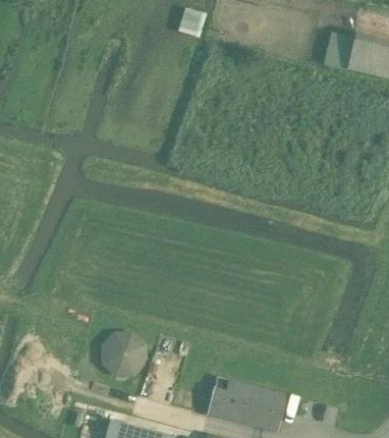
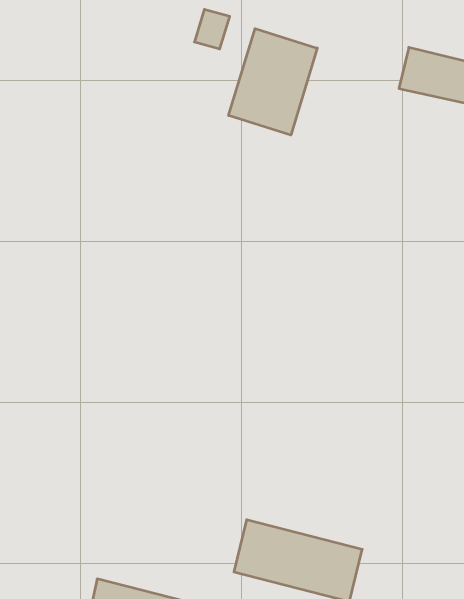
building: none -> [229,29,317,135]
building: [100,332,140,372] -> none

